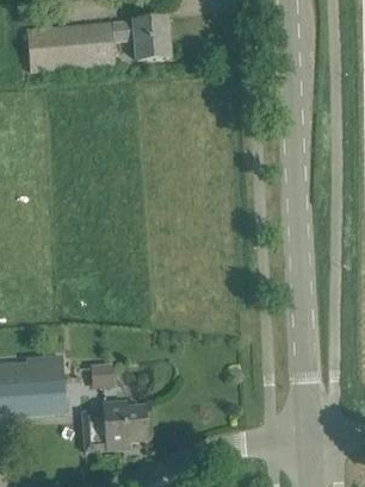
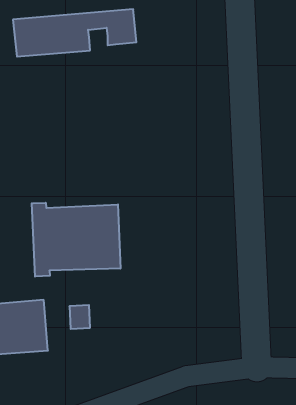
building: none -> [32,203,120,277]
building: [83,399,148,450] -> none

